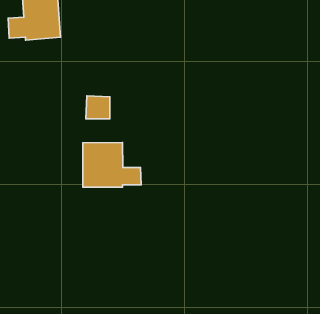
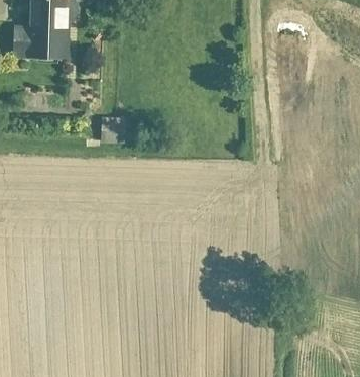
building: [83,142,141,187] -> none

